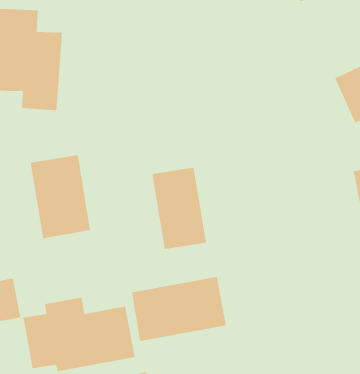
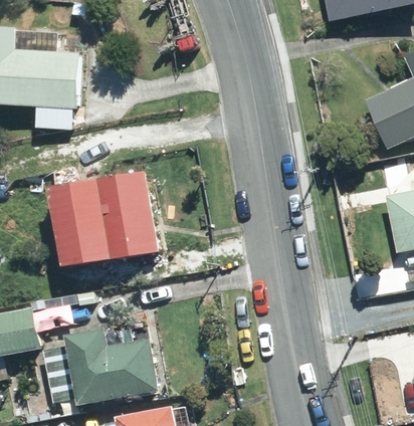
building: [152,167,207,250] -> [99,173,157,258]
building: [132,276,227,342] -> none

